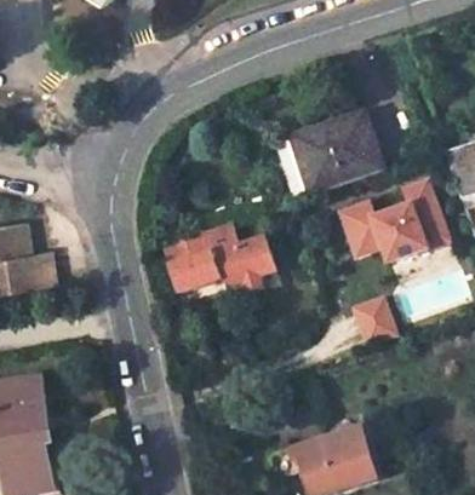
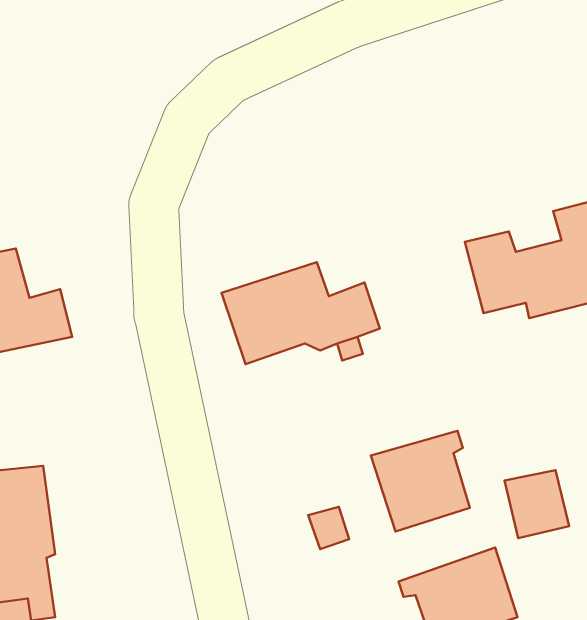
building: [277,111,384,194] -> none
building: [353,297,399,345] -> [505,470,569,538]
building: none -> [371,431,470,532]

